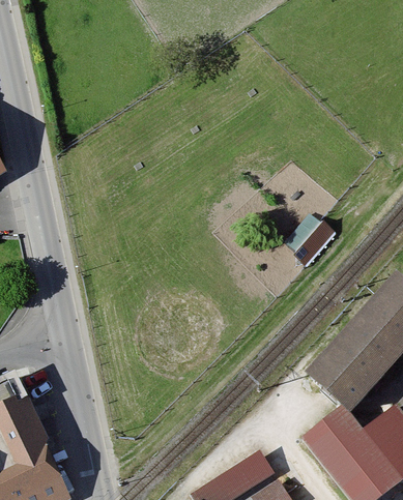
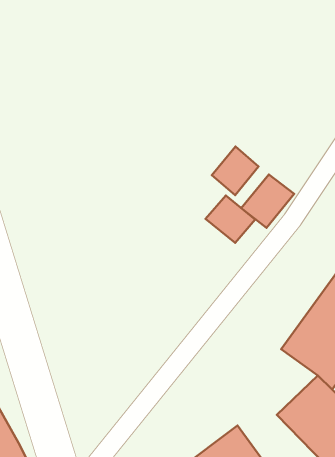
building: none -> [212,146,259,195]
building: none -> [206,196,255,243]

